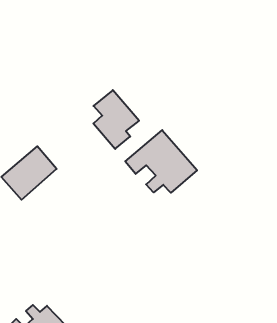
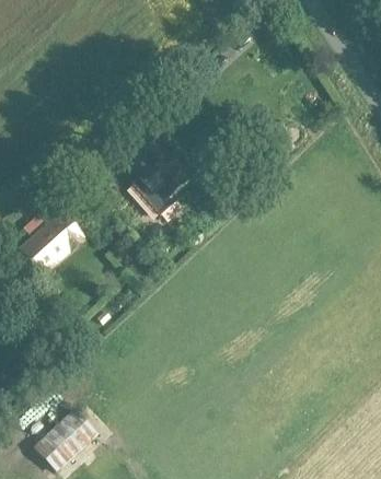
building: [125,130,197,193] -> none

